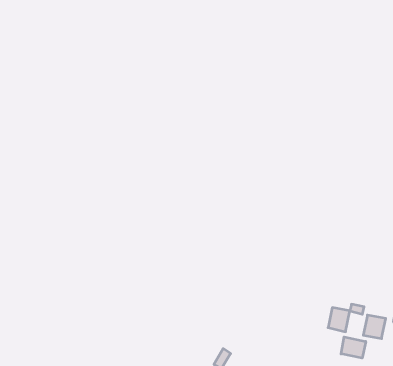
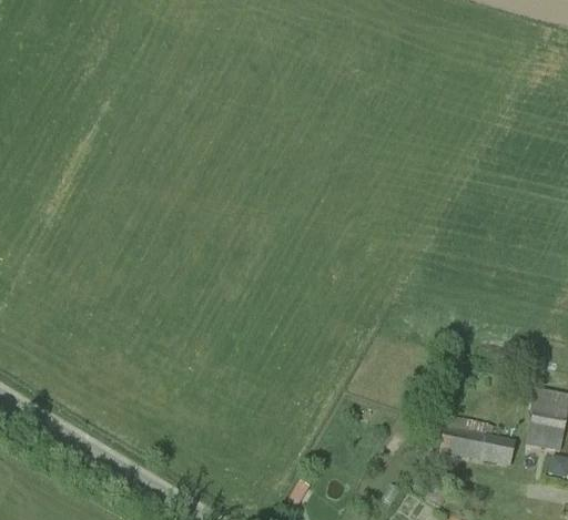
building: [341,337,366,358] -> none

